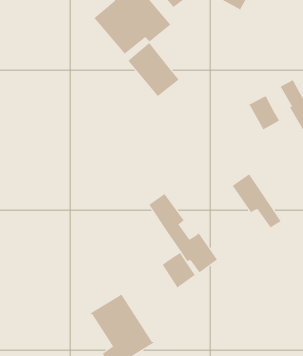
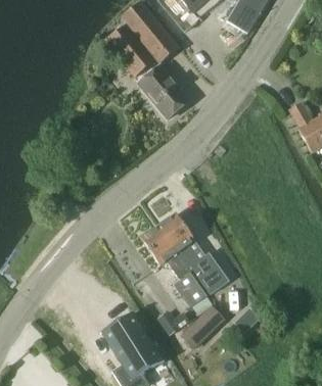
building: [248,95,280,130] -> none
building: [232,173,282,228] -> [142,225,191,279]
building: none -> [181,305,225,349]

